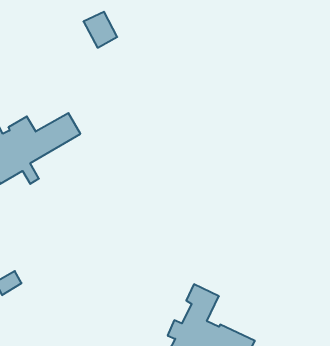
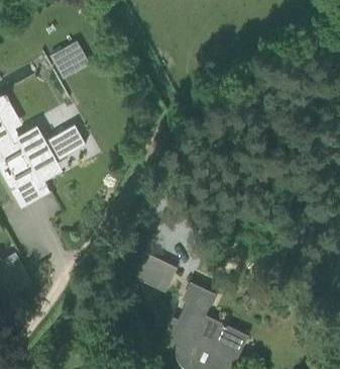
building: [83,12,117,48] -> [50,45,82,79]
building: none -> [133,252,177,290]

